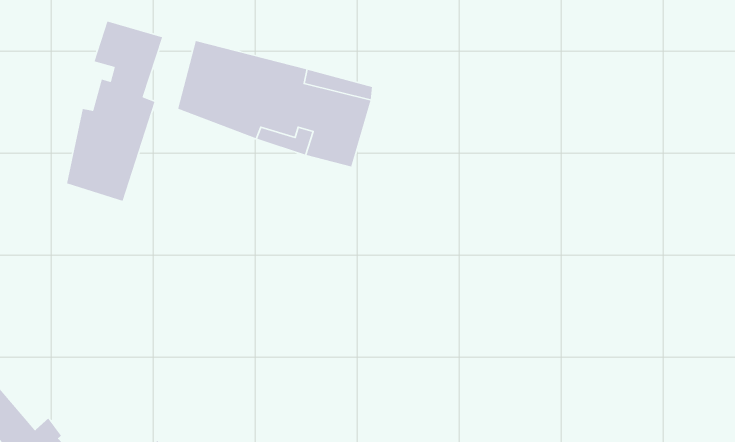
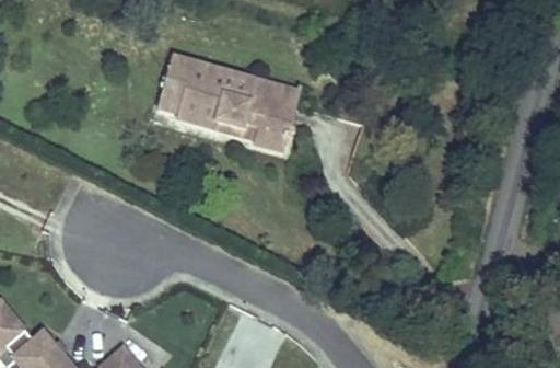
building: [66,20,163,202] -> none

